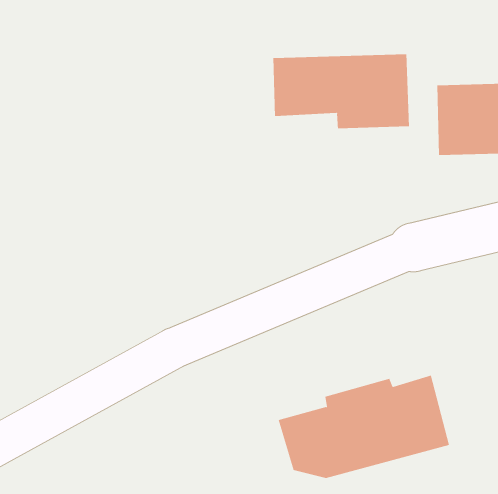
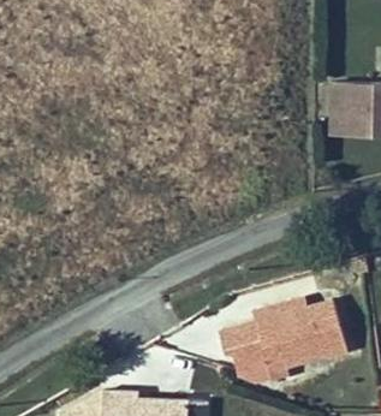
building: [273,53,409,129] -> none

